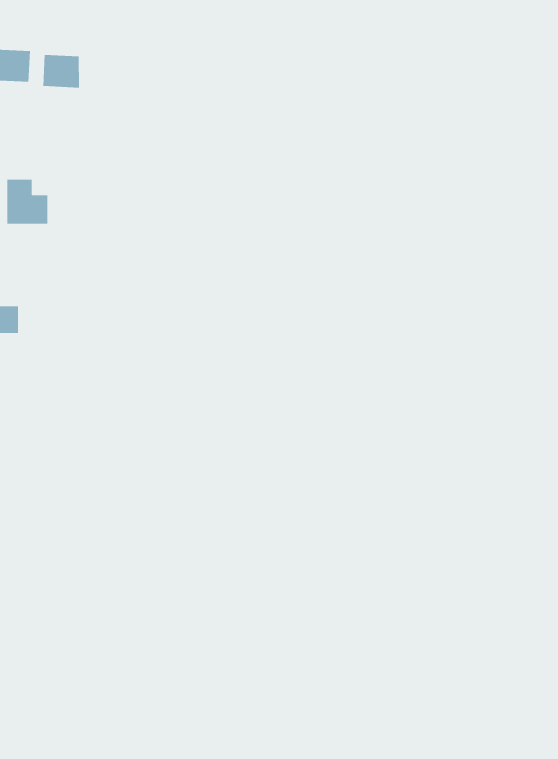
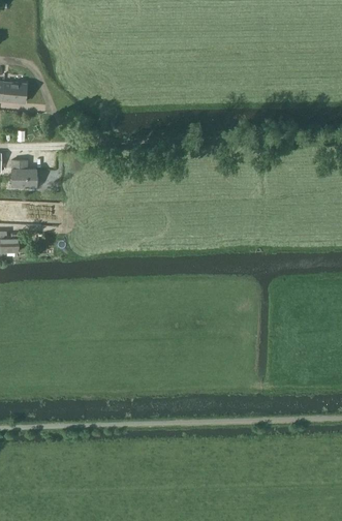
building: [43,54,80,88] -> none

